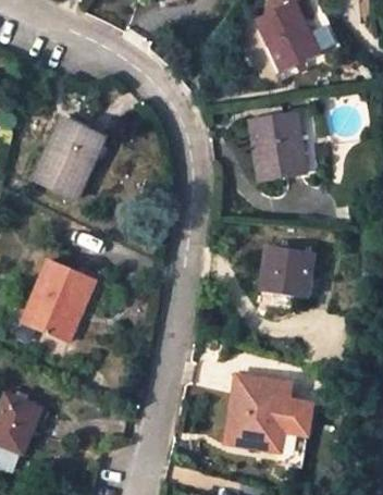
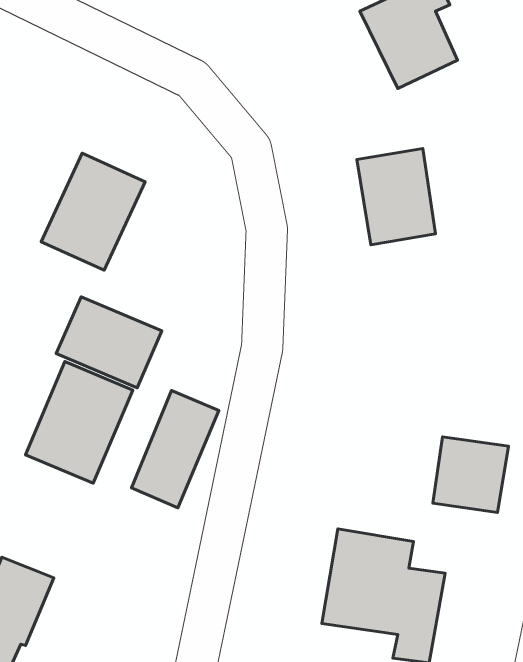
building: none -> [56,297,162,388]
building: [260,244,312,296] -> [433,437,509,513]
building: none -> [132,390,219,508]

